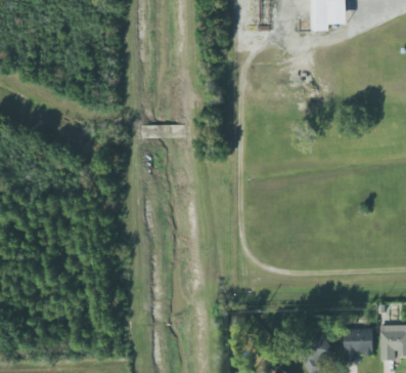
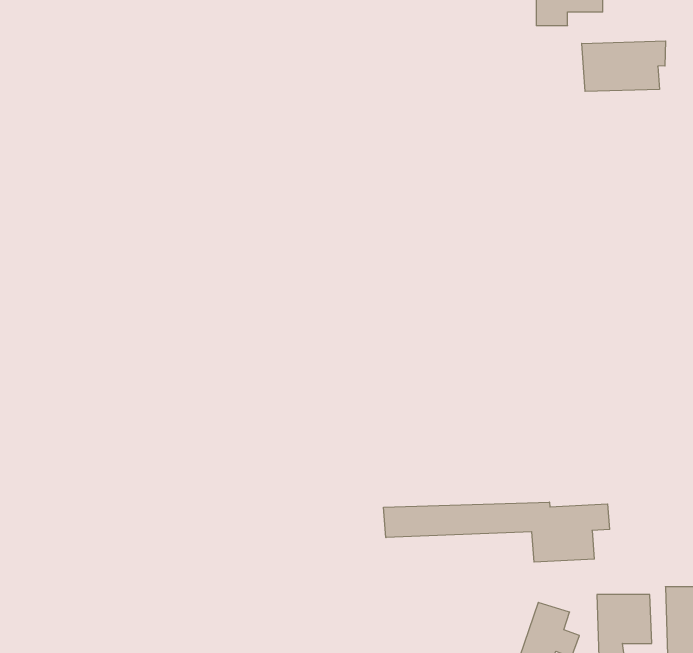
building: none -> [582,41,665,91]
building: none -> [384,502,610,562]

